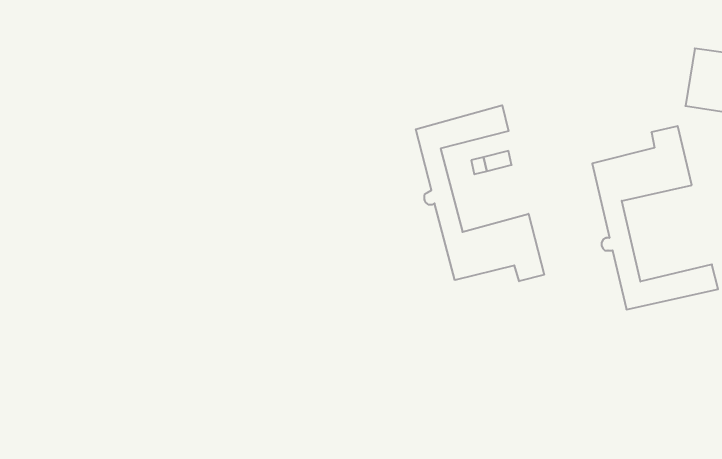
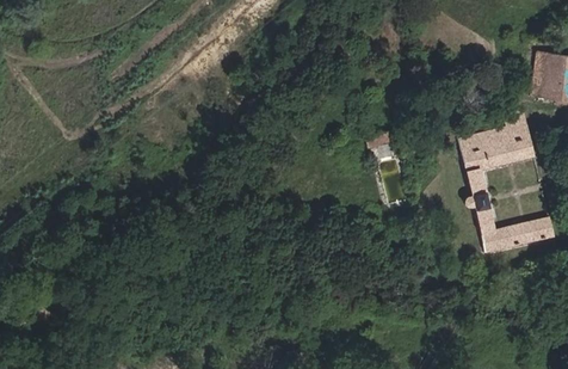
building: [416,105,544,281] -> none

